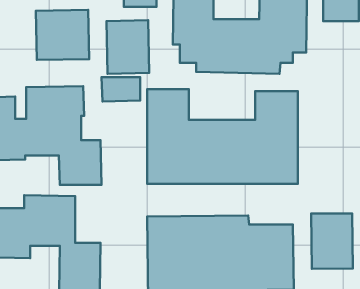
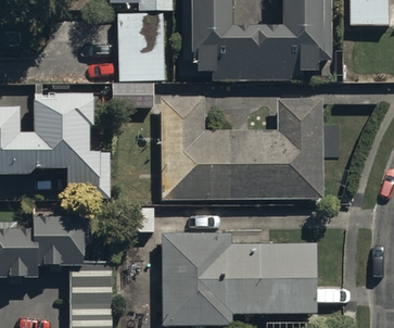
building: [36,10,89,60] -> none
building: [311,213,353,269] -> none

